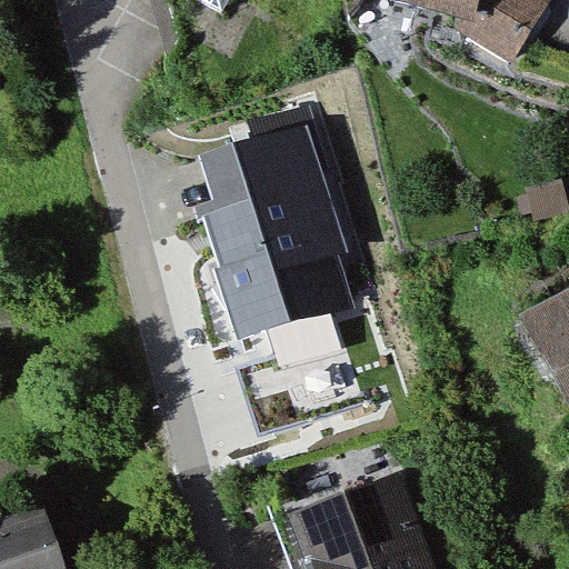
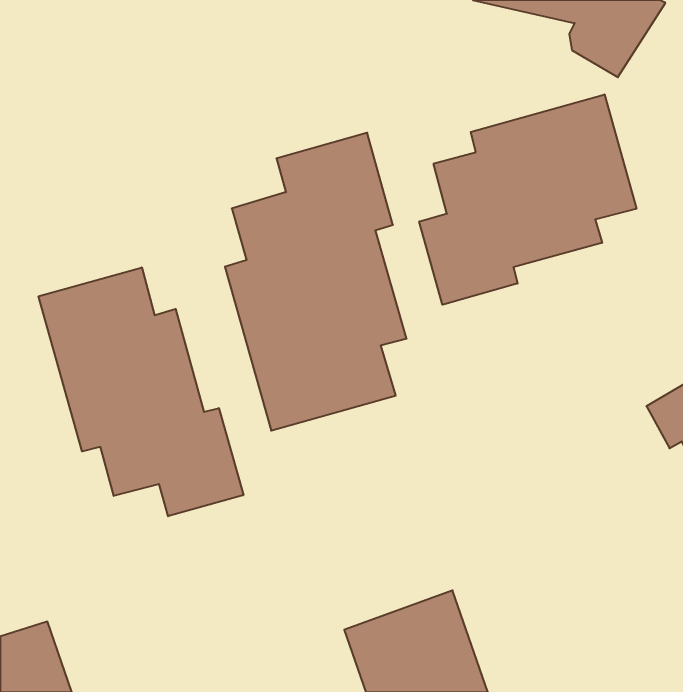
building: none -> [419,94,636,305]
building: none -> [39,267,243,516]

